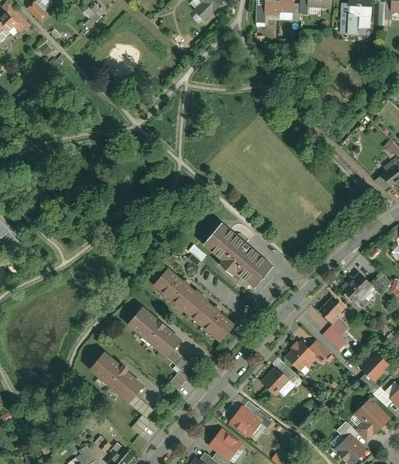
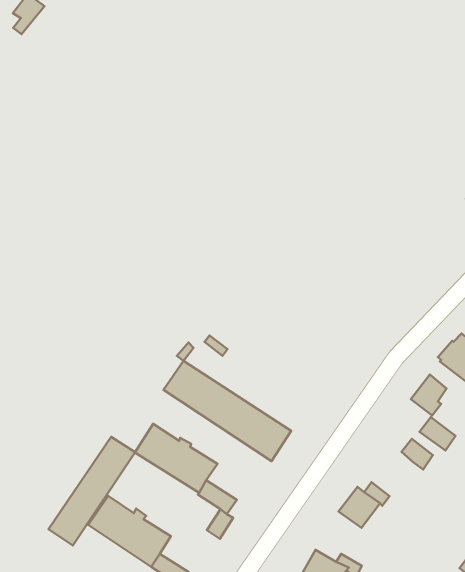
building: [203,221,273,288] -> none
building: none -> [49,437,135,546]
building: [286,341,315,370] -> none

